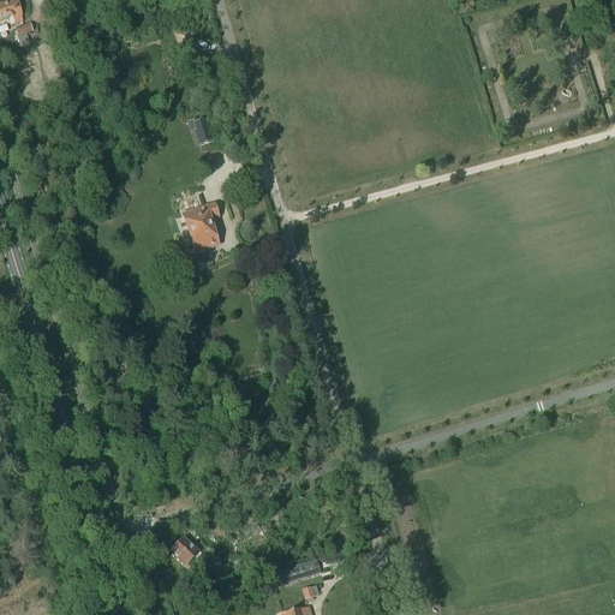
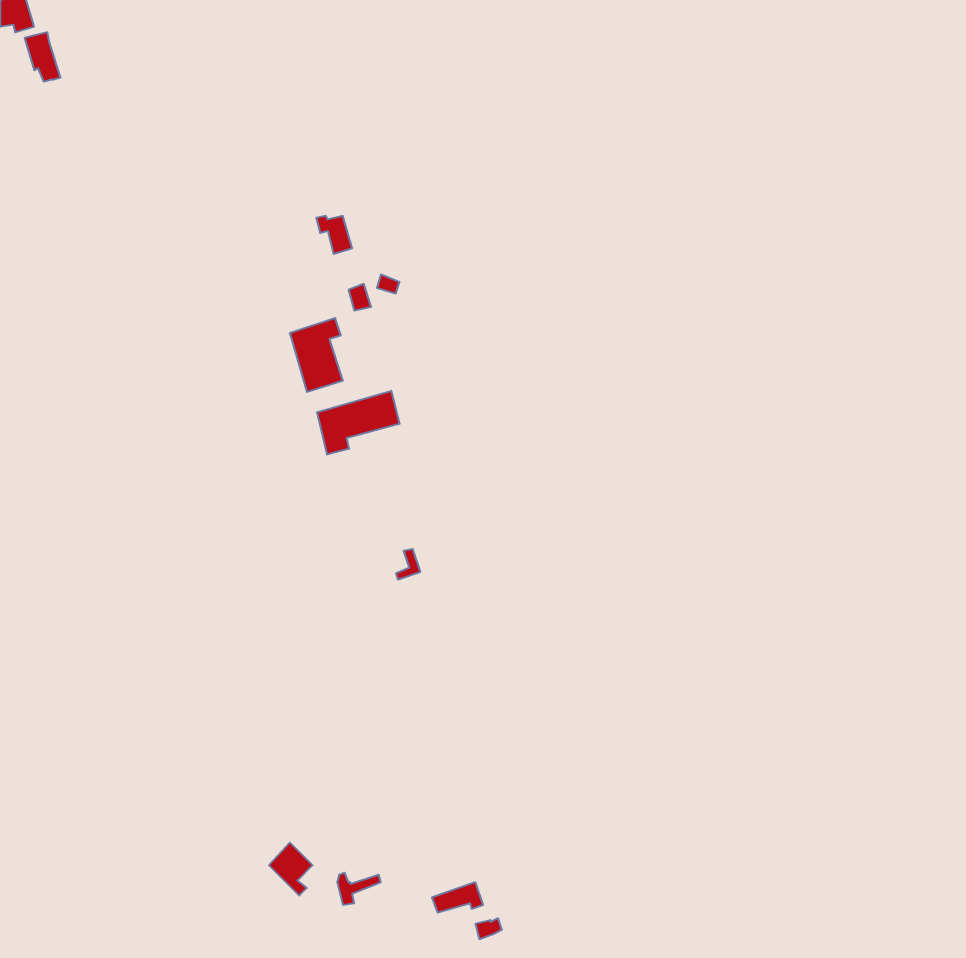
building: none -> [317,391,400,455]

